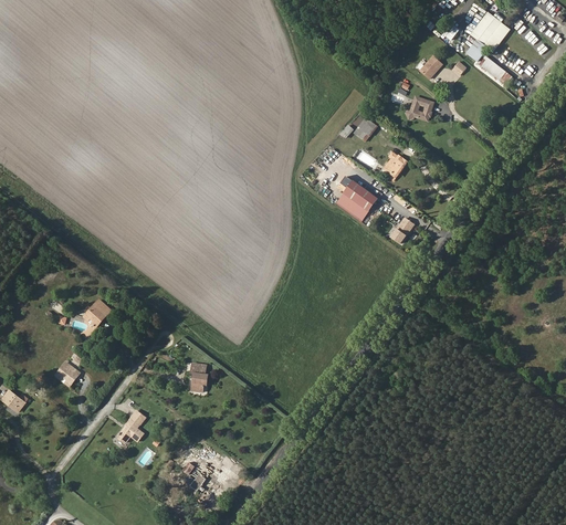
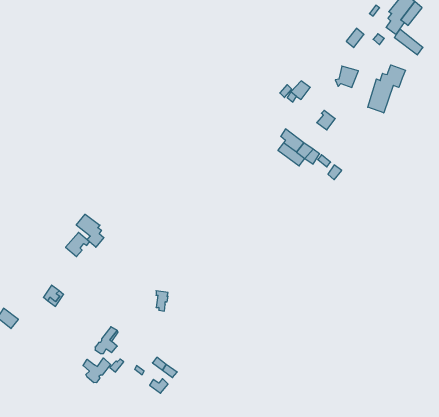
building: none -> [368,65,405,113]
building: none -> [76,214,104,247]
building: none -> [83,358,111,383]

